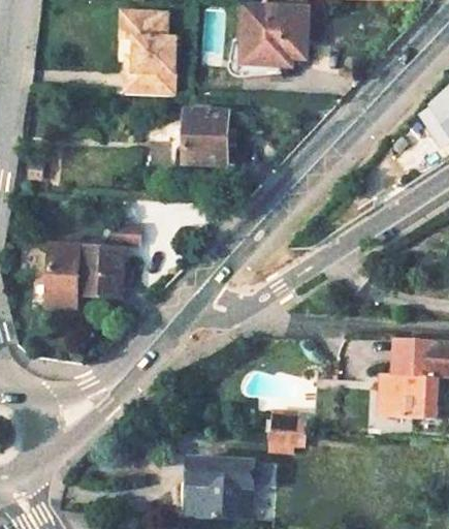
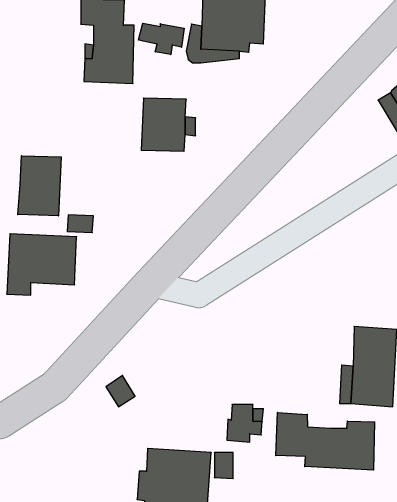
building: none -> [138,23,184,55]
building: none -> [18,156,61,216]
building: none -> [276,412,375,470]

